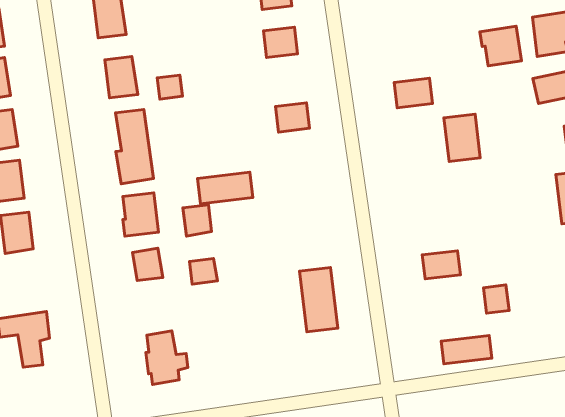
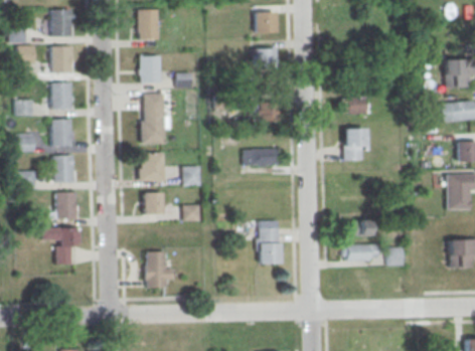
building: [480,26,522,66] -> none
building: [444,114,480,161] -> [344,129,366,160]
building: [198,172,253,204] -> [244,148,281,166]
building: none -> [56,192,76,219]
building: [441,335,492,364] -> [342,244,376,260]

